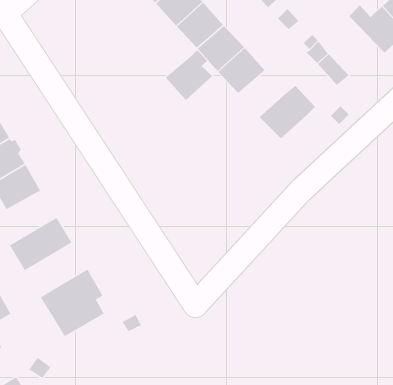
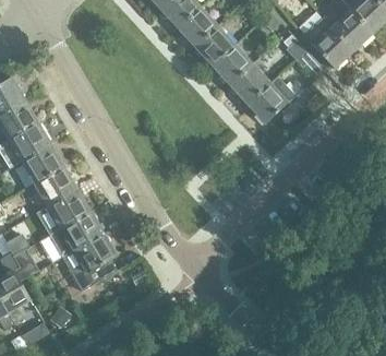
building: none -> [303,19,352,68]
building: [165,49,213,101] -> [229,60,269,104]
building: none -> [34,166,76,205]
building: none -> [49,210,102,256]

